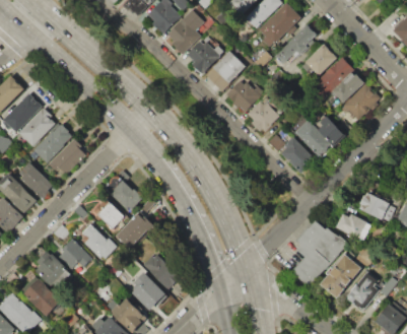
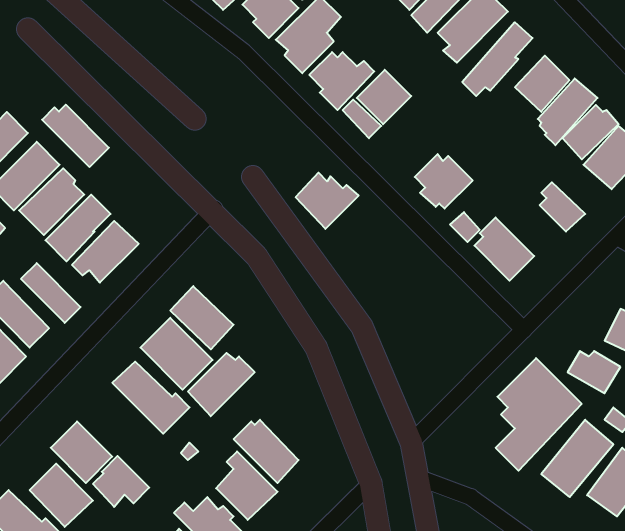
building: none -> [42,105,109,167]
building: [226,79,263,112] -> [296,173,359,229]
building: [291,116,331,156] -> none
building: [59,239,91,268] -> [93,456,149,507]

